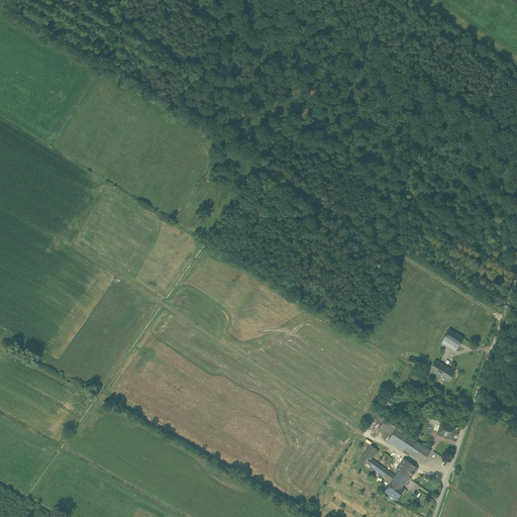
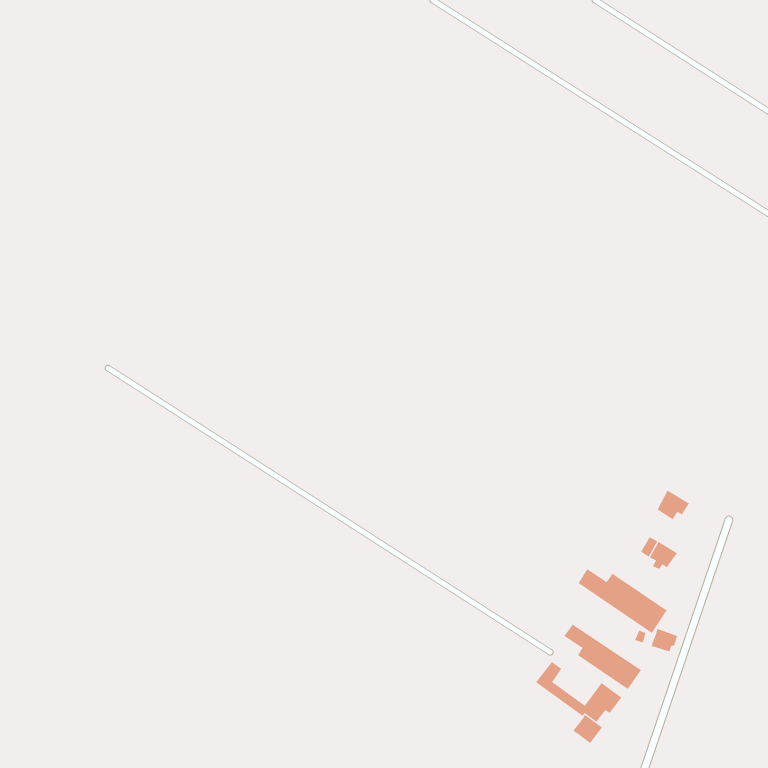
building: none -> [578,568,667,634]

